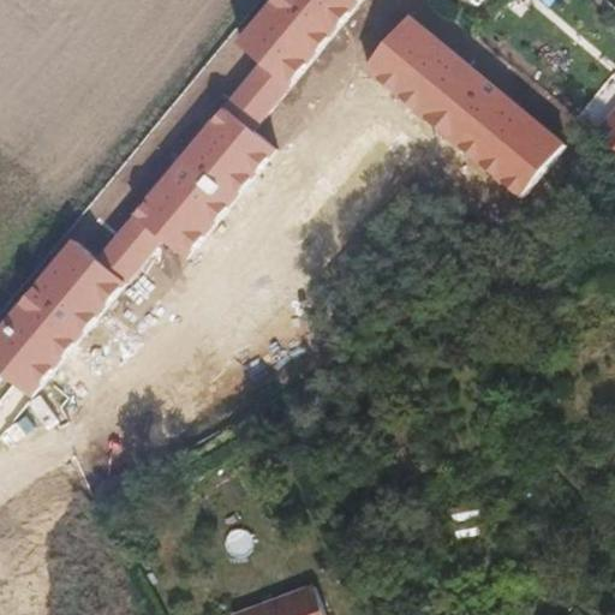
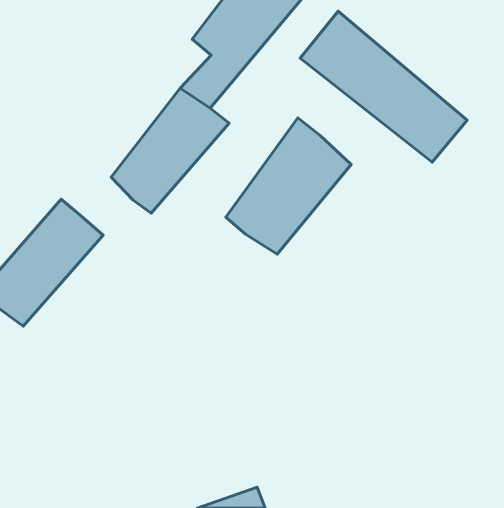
building: none -> [226,118,351,254]
building: [96,213,160,282] -> none

